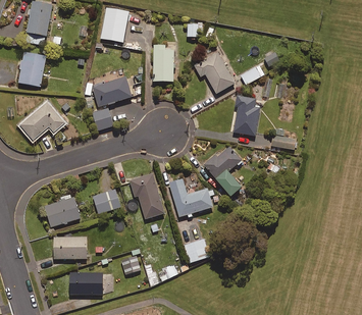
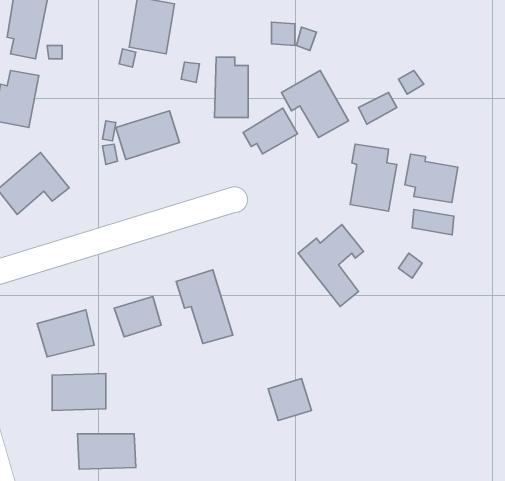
building: none -> [243,108,297,154]
building: none -> [405,154,458,203]
building: [170,180,216,219] -> none

